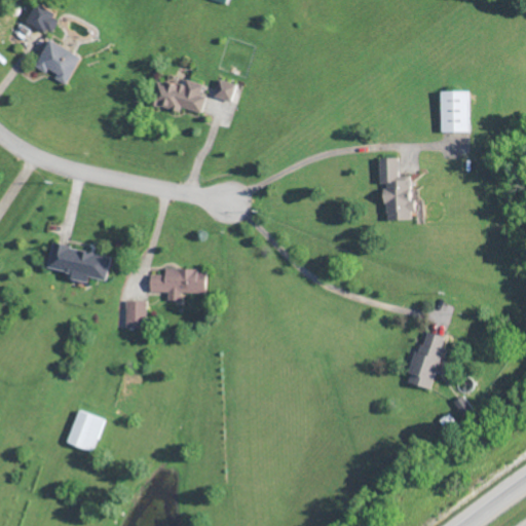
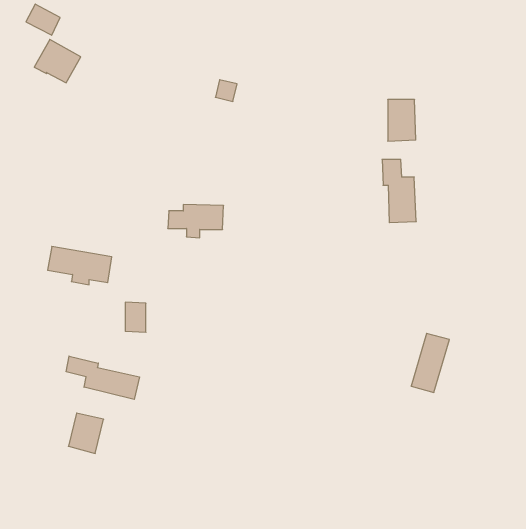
building: [150,79,205,113] -> none
building: [441,91,468,133] -> [388,100,416,141]
building: [149,268,204,301] -> [168,205,224,238]
building: none -> [66,356,139,399]

